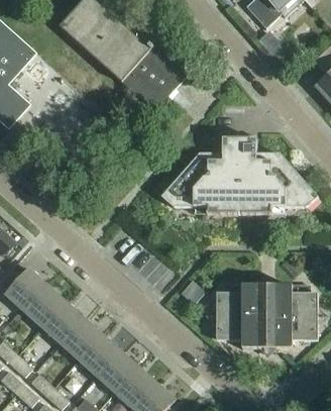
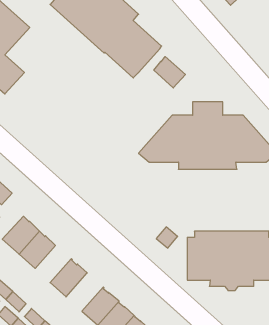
building: none -> [154,57,185,88]
building: [42,301,84,343] -> none
building: [78,332,120,376] -> none

